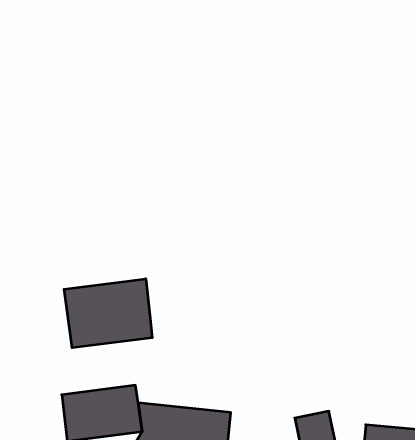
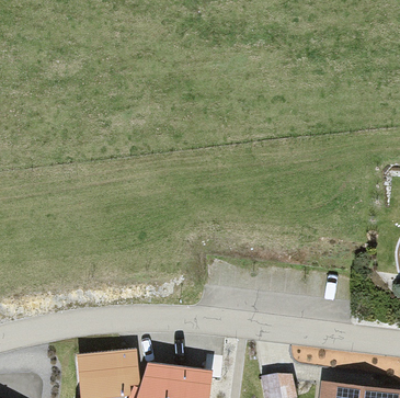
building: [64,279,152,348] -> none

